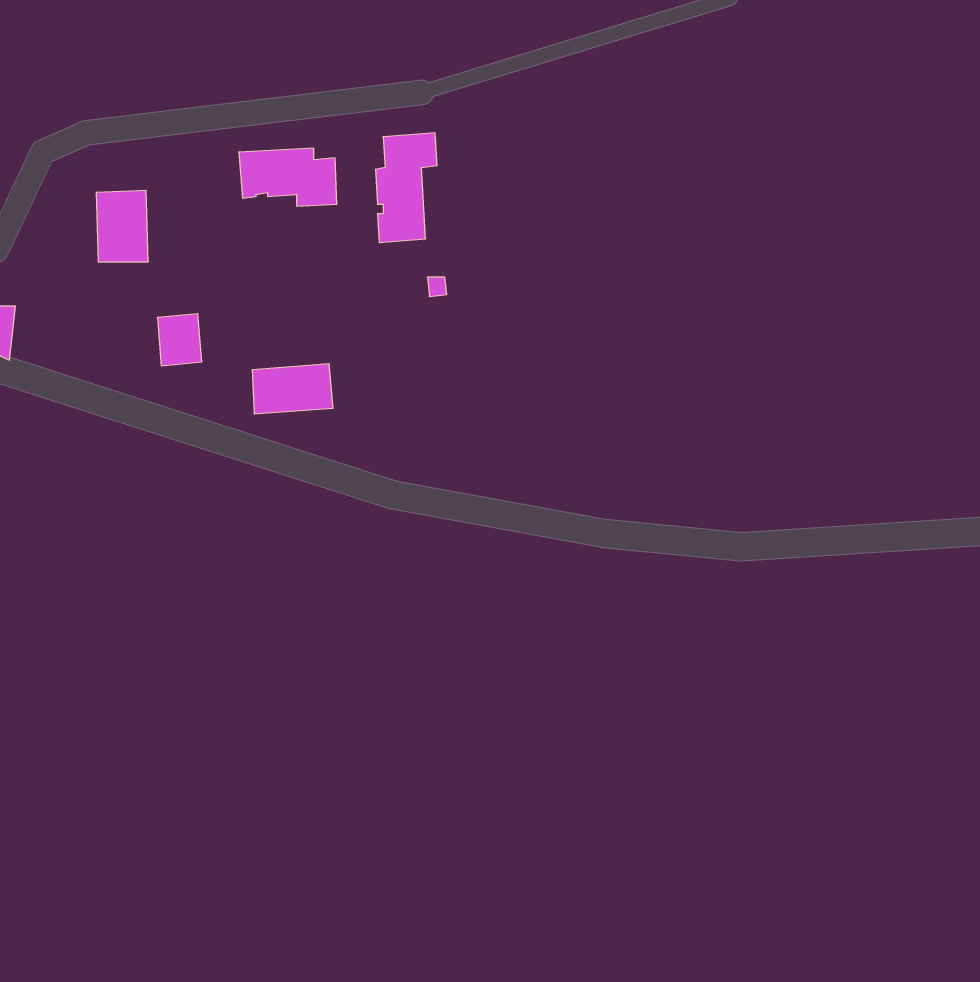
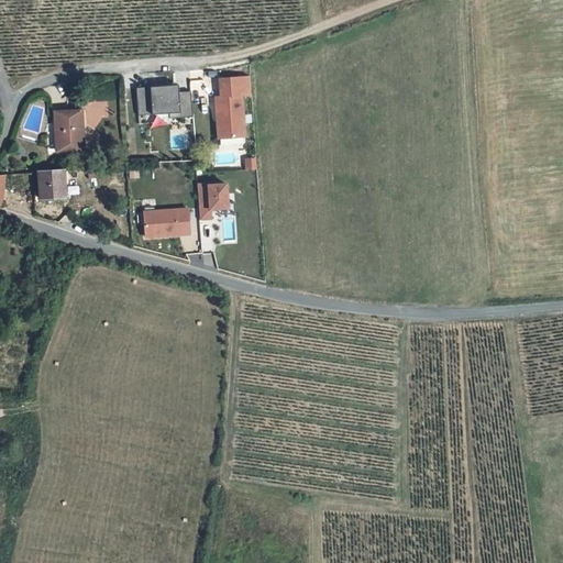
building: [157,314,202,366] -> [36,170,62,200]
building: none -> [197,184,228,219]

